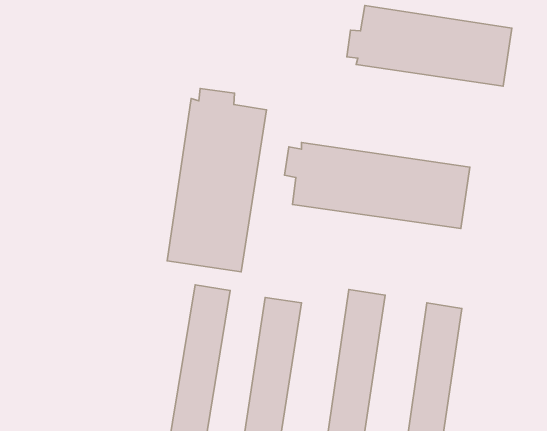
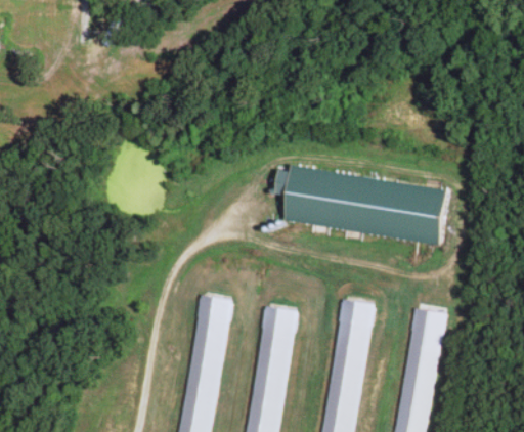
building: [347,5,512,86] -> none
building: [167,89,266,272] -> none

